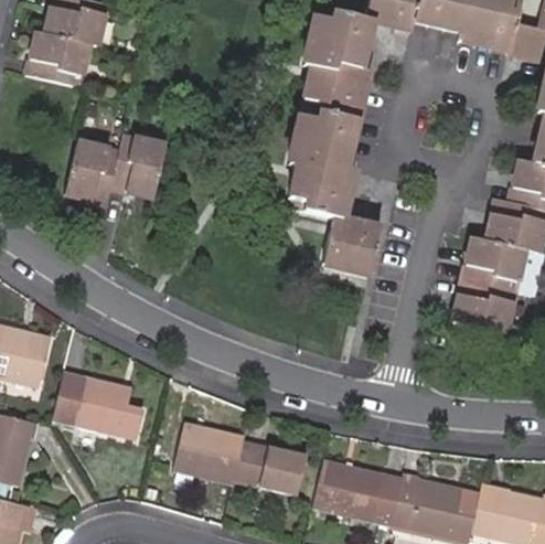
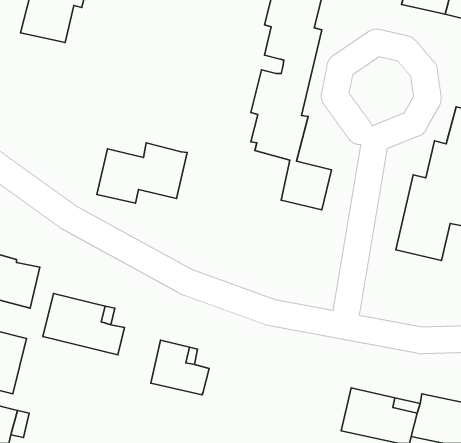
building: [64,134,167,202] -> [97,143,187,203]
building: [234,440,307,495] -> none
building: [311,458,402,526] -> none

